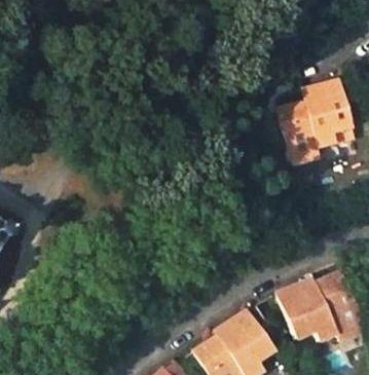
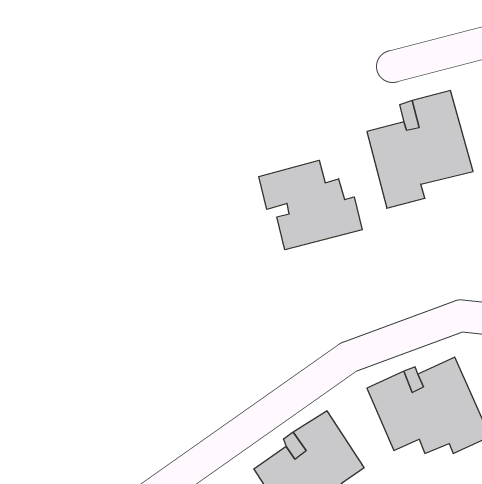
building: none -> [259,160,362,250]

